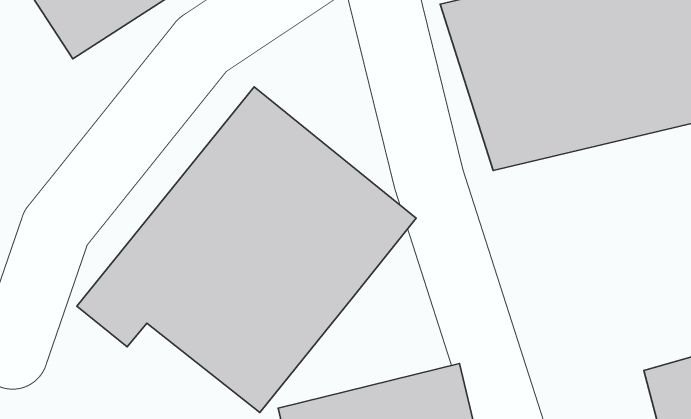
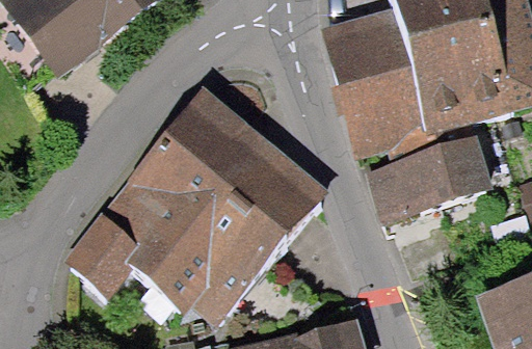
building: none -> [369,140,502,219]

